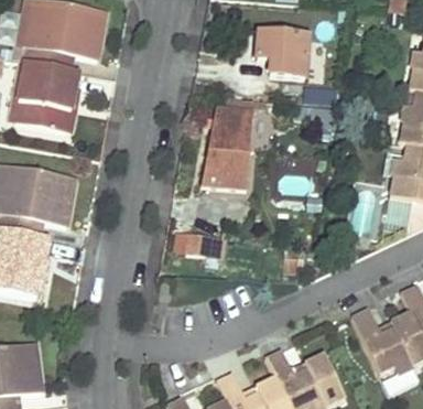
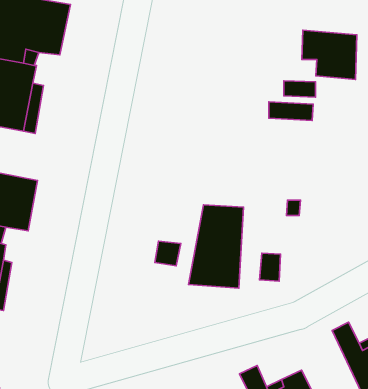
building: [256,31,307,77] -> [302,30,357,79]
building: [200,109,252,187] -> [188,205,243,288]

